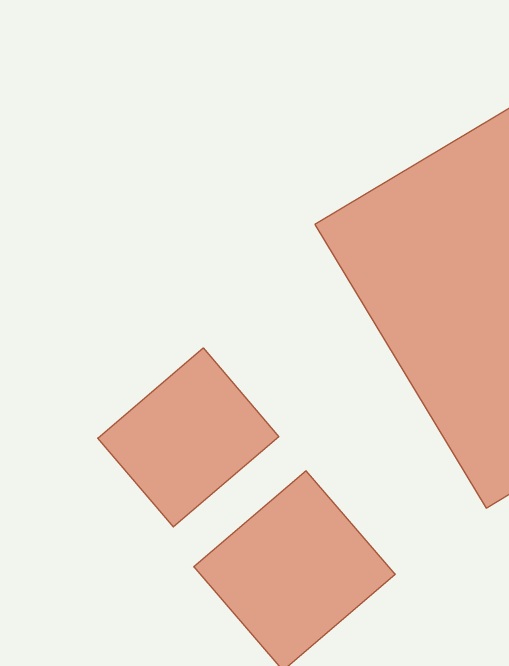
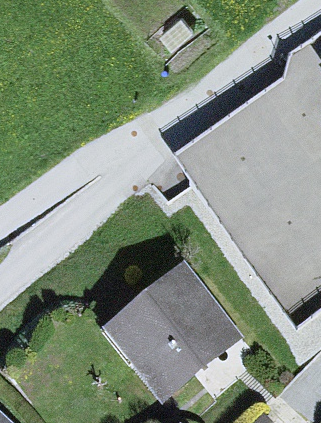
building: [98,348,279,527] -> none

